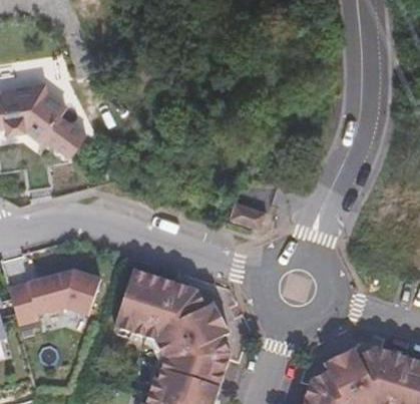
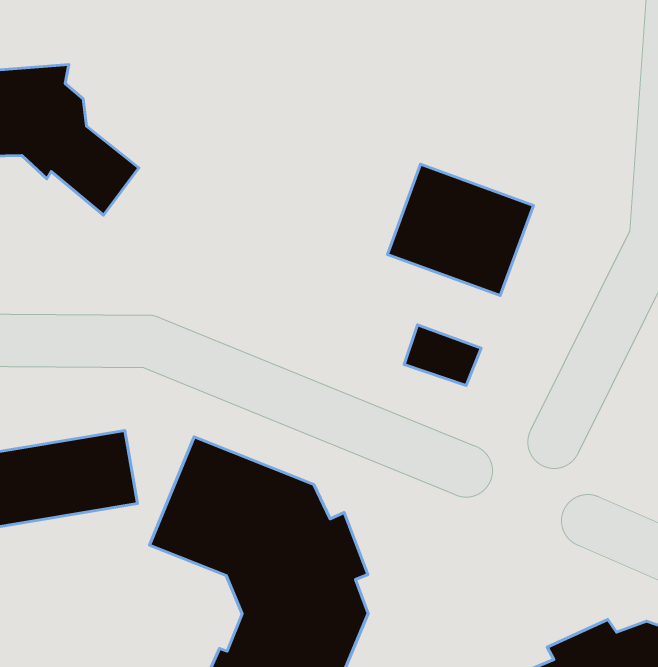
building: none -> [387,164,533,296]

